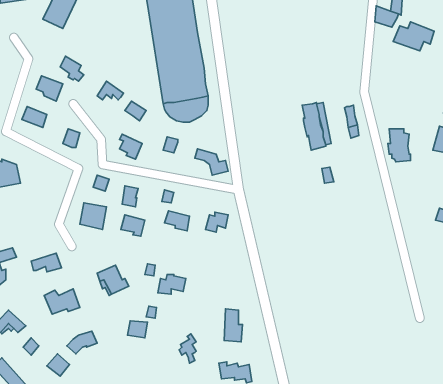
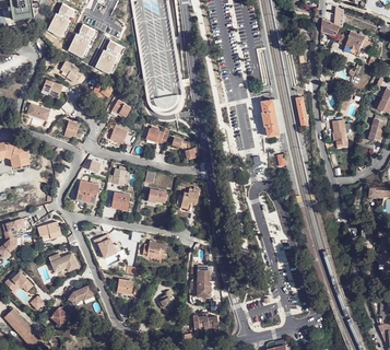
building: none -> [68,24,97,59]
building: none -> [94,38,123,73]

